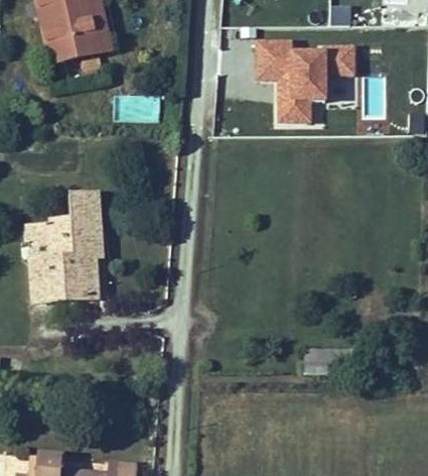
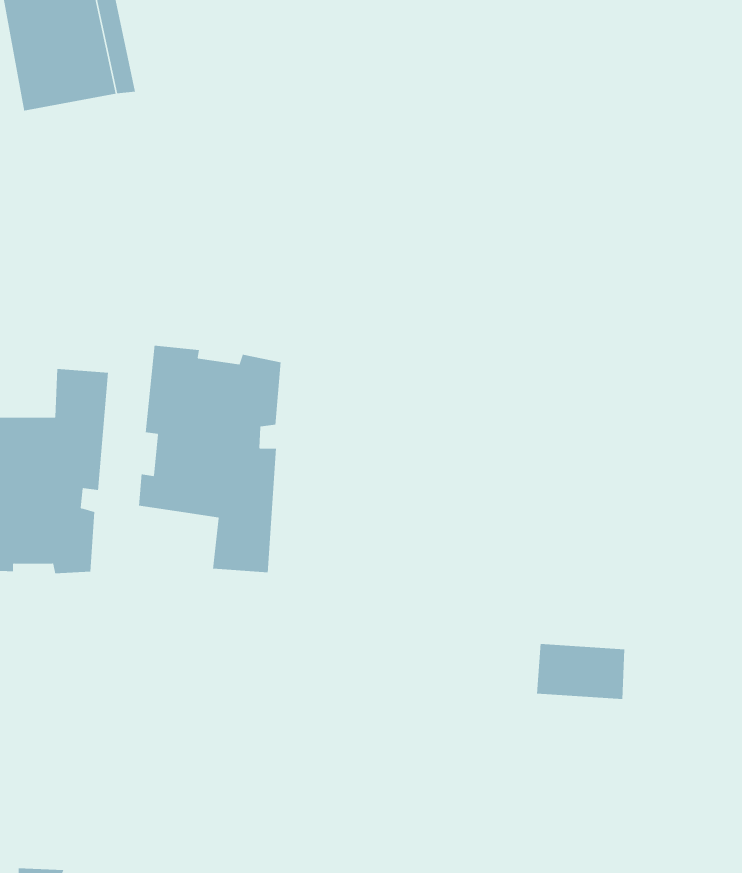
building: [266,35,368,120] -> none
building: none -> [138,345,281,573]

